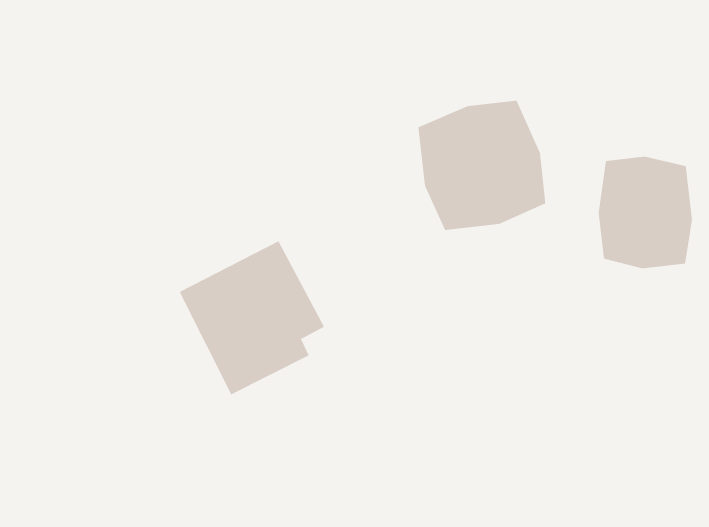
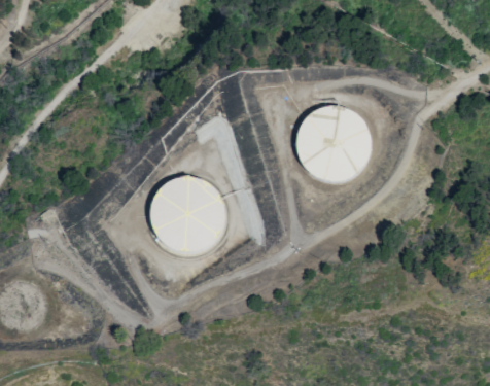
building: [598,156,692,269] -> none

